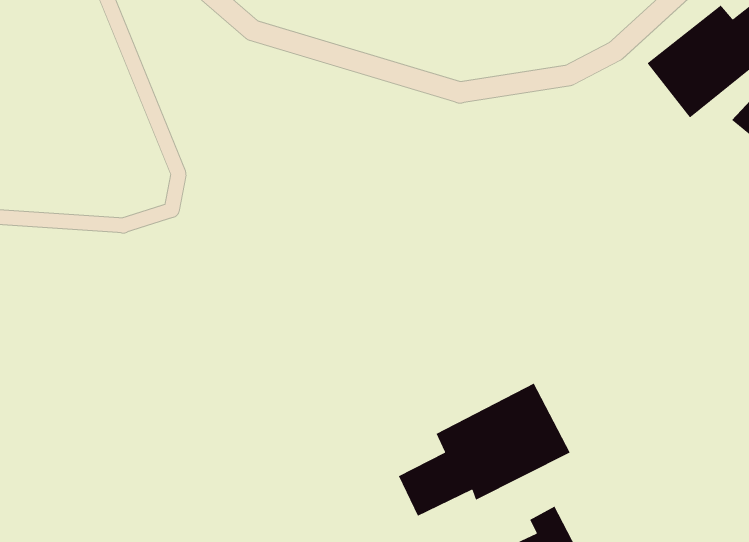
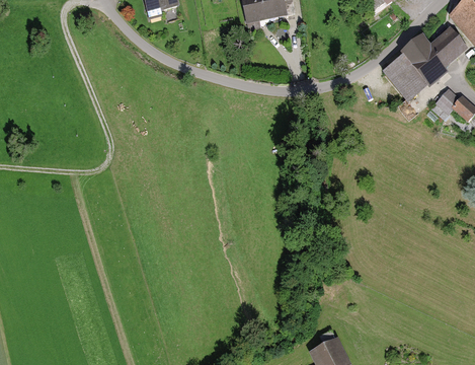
building: [398,383,571,517] -> none

